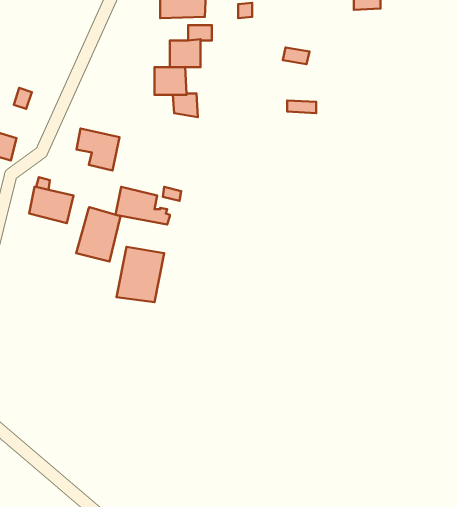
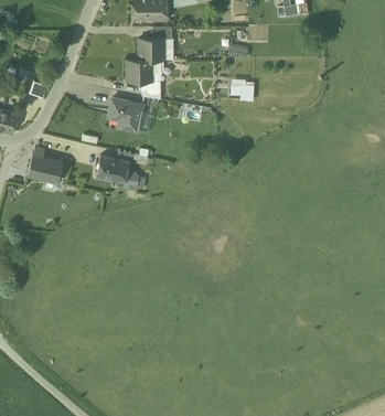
building: [76,129,120,170] -> [108,97,142,130]
building: [76,207,120,262] -> none
building: [116,247,164,302] -> none

